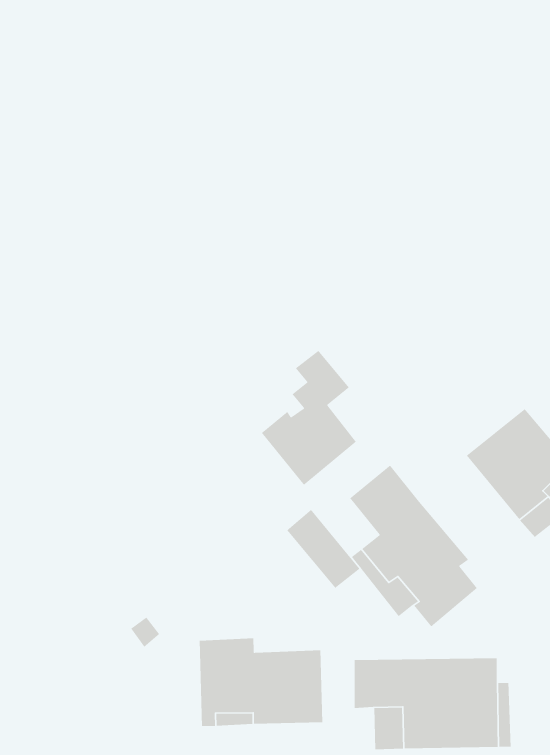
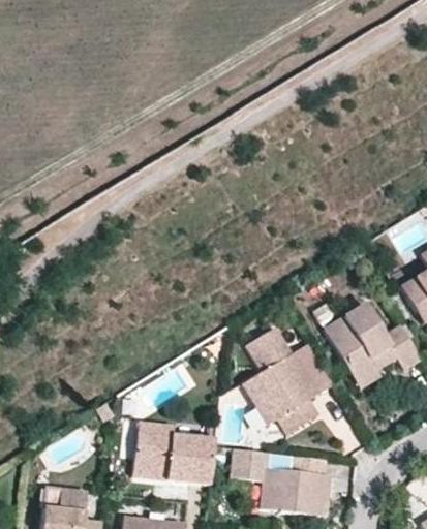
building: [261,350,357,486] -> none
building: [286,509,360,589] -> [291,342,334,395]

